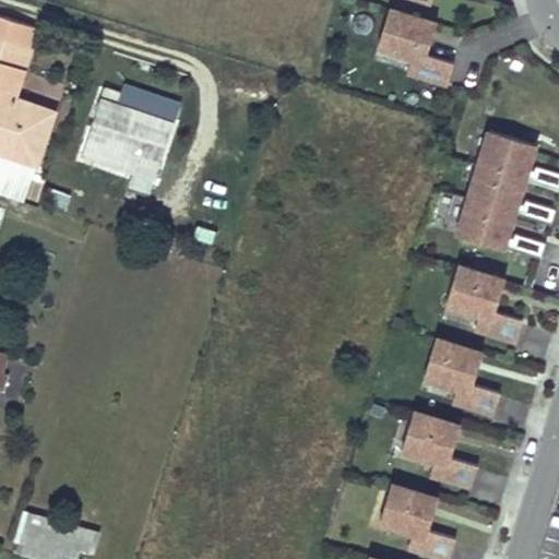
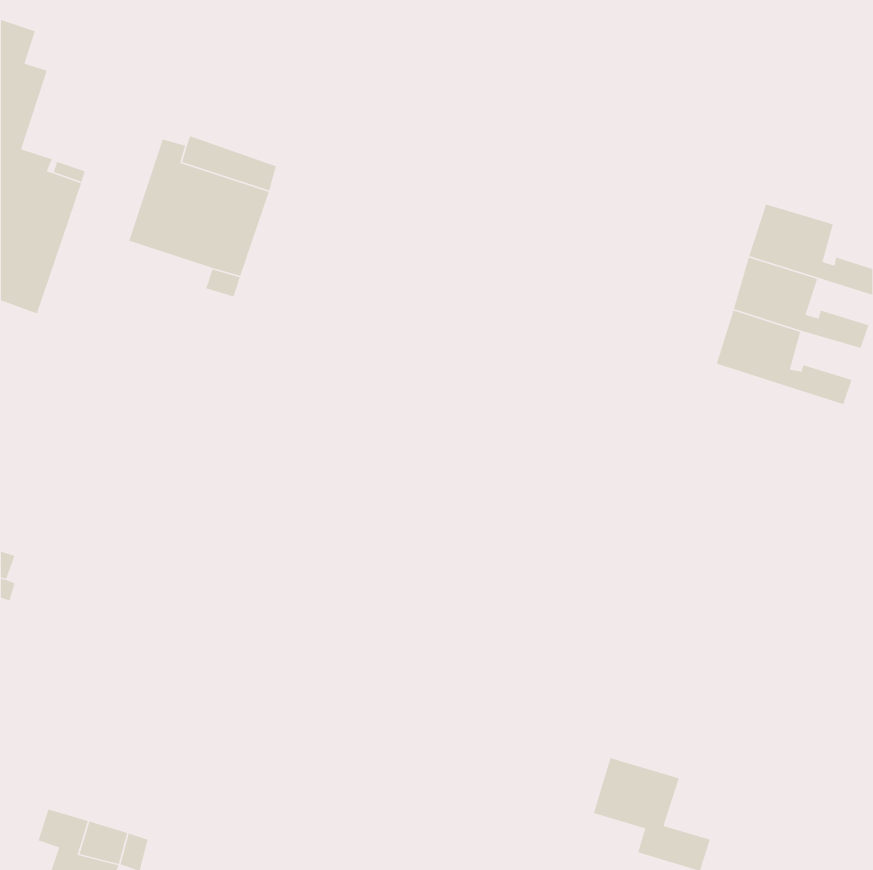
building: [377,10,452,84] -> none
building: [445,267,521,341] -> none
building: [424,340,498,414] -> none
building: [402,413,476,487] -> none

